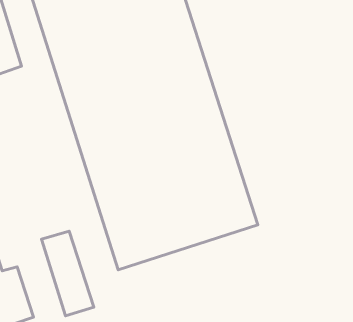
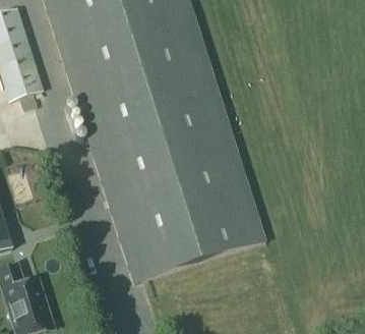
building: [41,231,94,316] -> none

